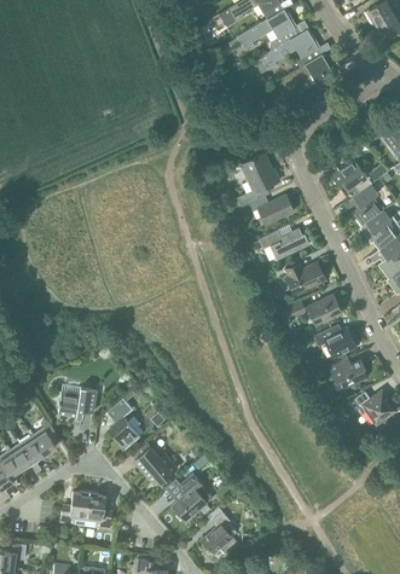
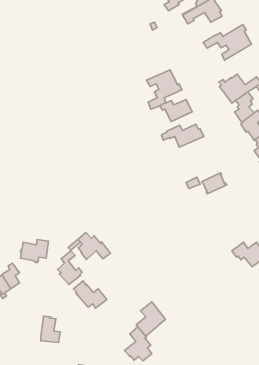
building: none -> [203,25,251,60]
building: [285,262,325,294] -> none
building: [314,327,355,355] -> none
building: [327,359,366,388] -> none
building: none -> [78,233,111,260]
building: [172,474,211,521] -> [136,302,165,336]
building: [60,491,89,526] -> none

